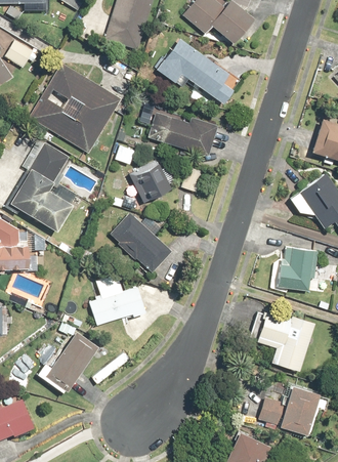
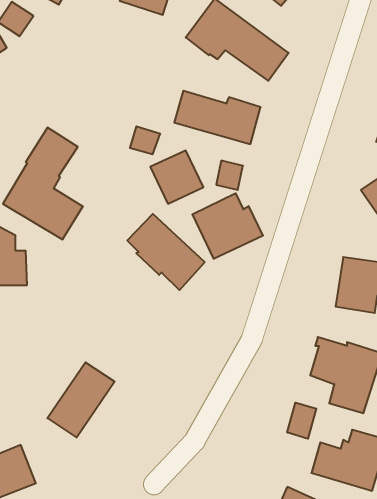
building: [29,61,123,154] -> none
building: none -> [192,193,263,259]
building: [89,272,144,326] -> none
building: none -> [287,403,316,439]

